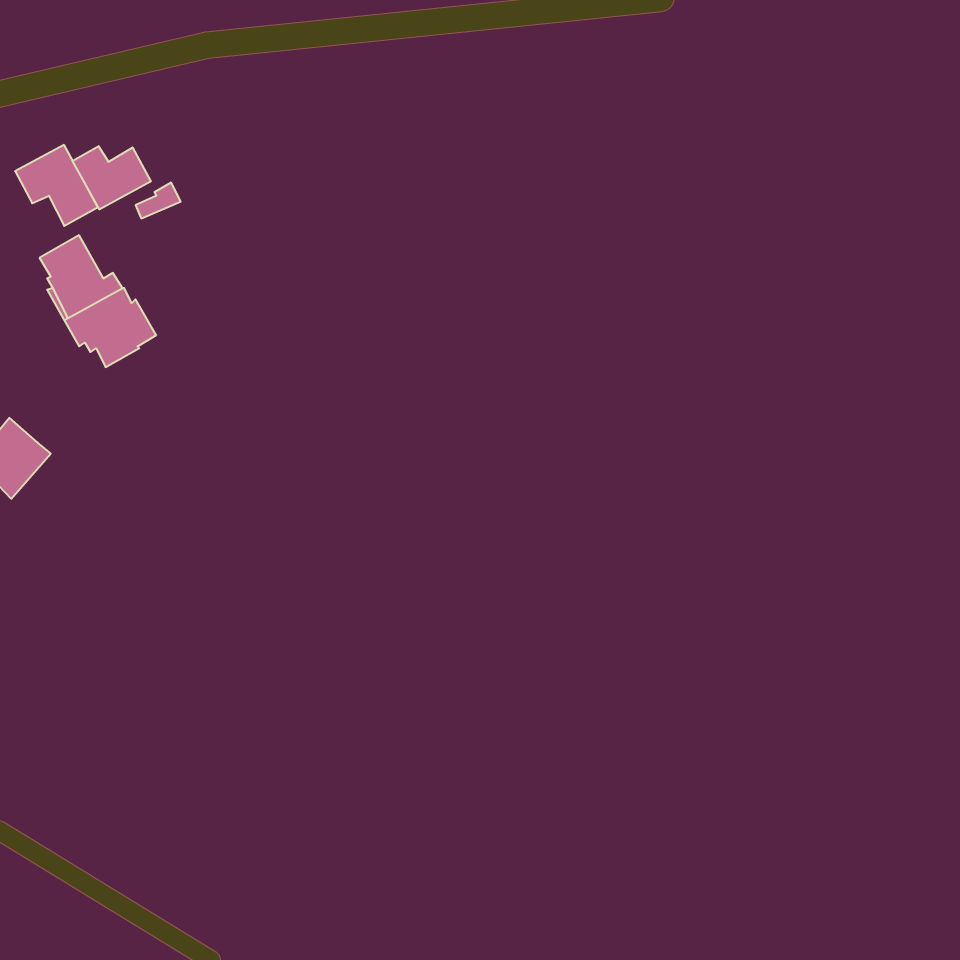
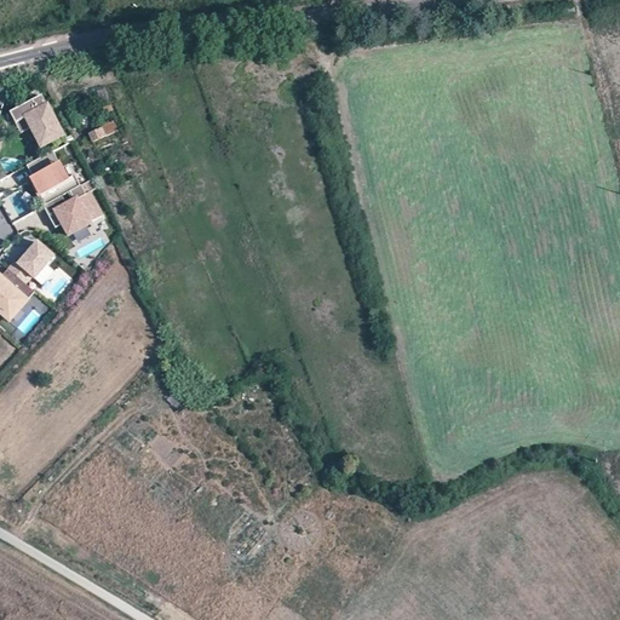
building: [73,146,151,209] -> none
building: none -> [6,242,52,285]

